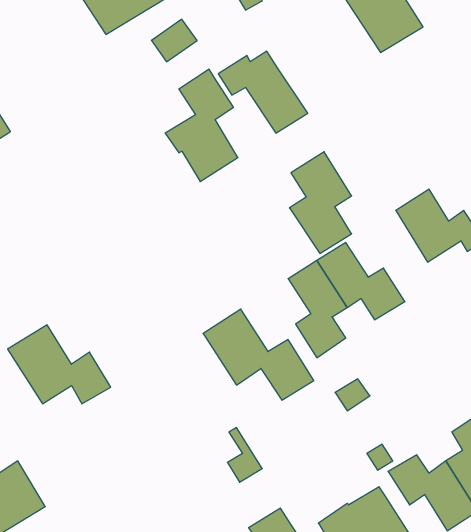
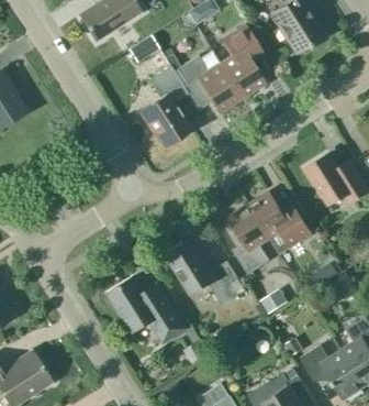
building: [289,152,352,253] -> [220,23,265,97]
building: [8,325,111,404] -> [107,275,181,332]

